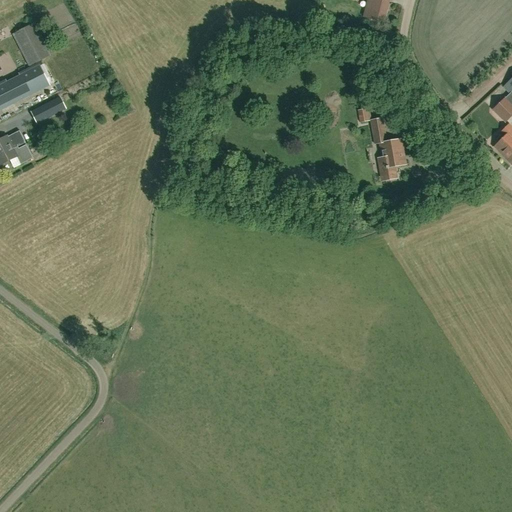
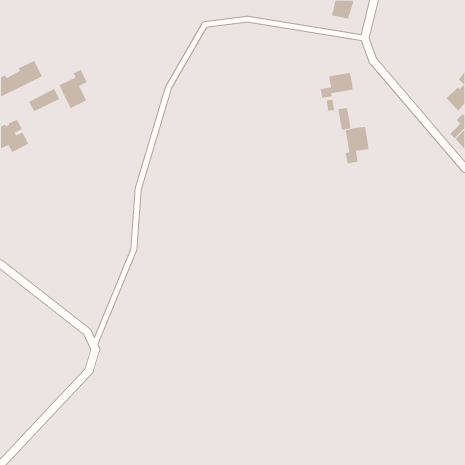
building: [17,31,42,61] -> none
building: none -> [59,69,88,109]
building: none -> [320,72,353,99]

